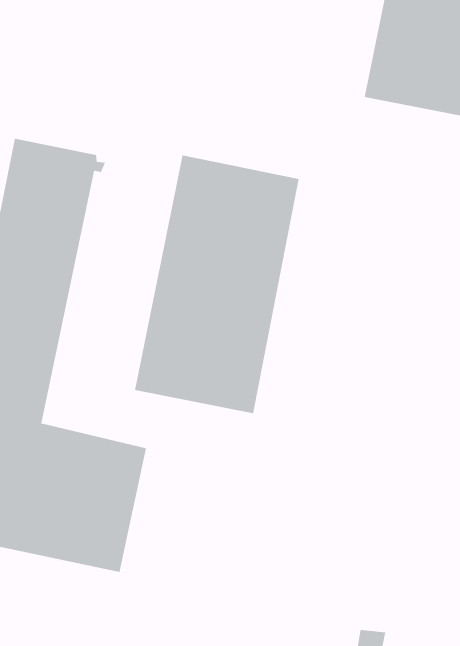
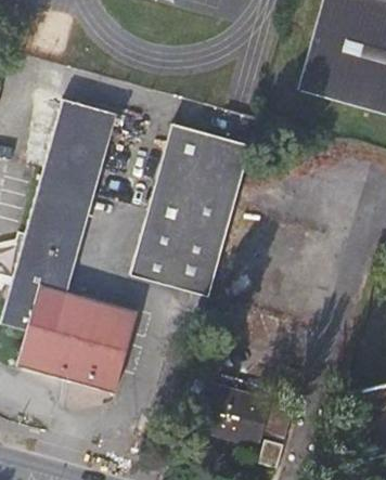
building: none -> [207,388,294,447]

